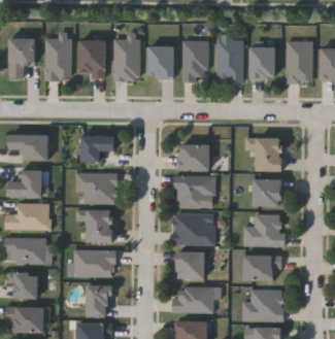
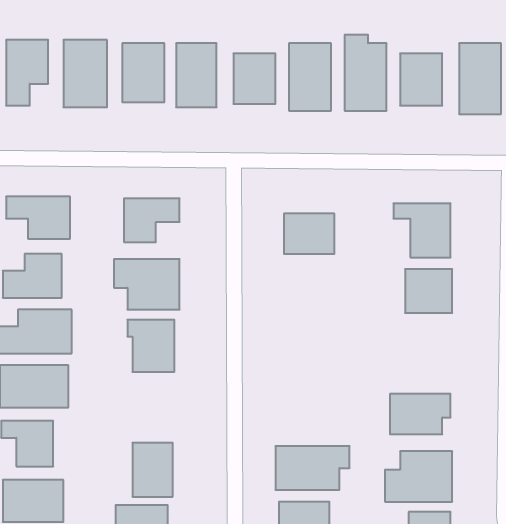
building: [176,175,214,207] -> none
building: [174,213,214,244] -> none
building: [242,213,283,246] -> none
building: [73,249,114,276] -> none
building: [177,251,205,278] -> none

